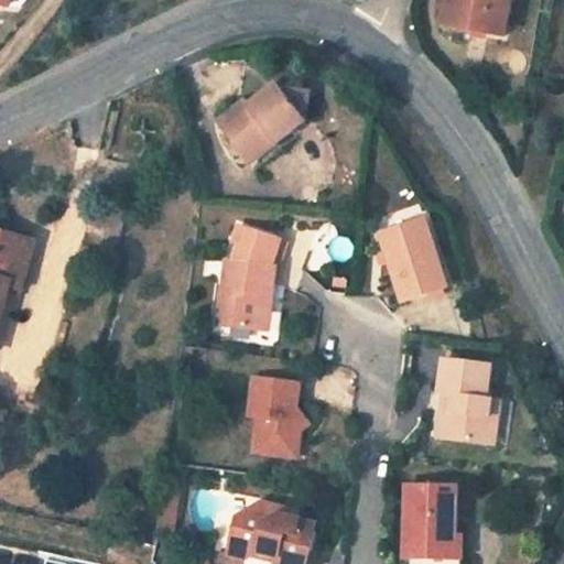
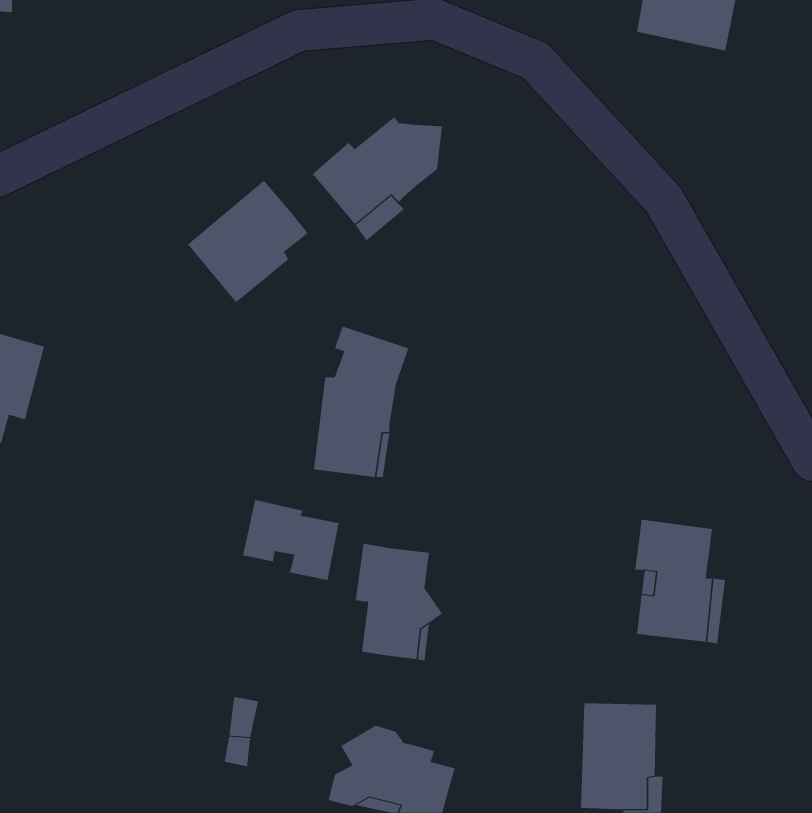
building: none -> [187,180,309,303]
building: [378,219,444,302] -> none
building: none -> [243,499,339,581]

